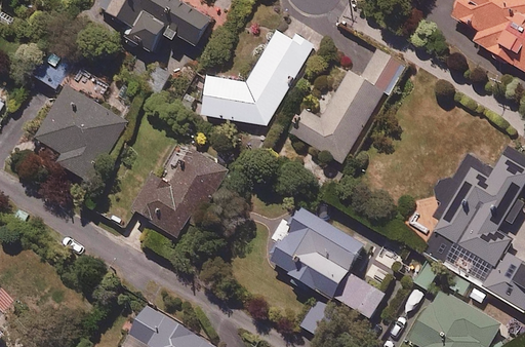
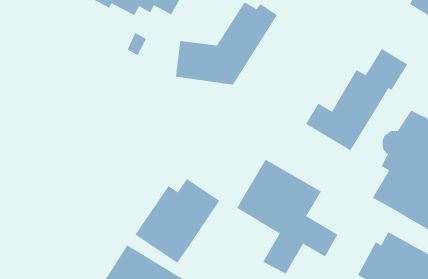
building: [290,46,406,162] -> [305,48,408,151]
building: [37,85,126,182] -> none
building: [131,144,228,240] -> [135,178,220,264]

